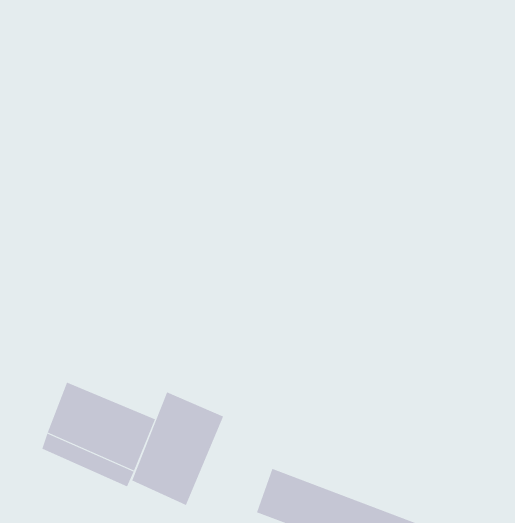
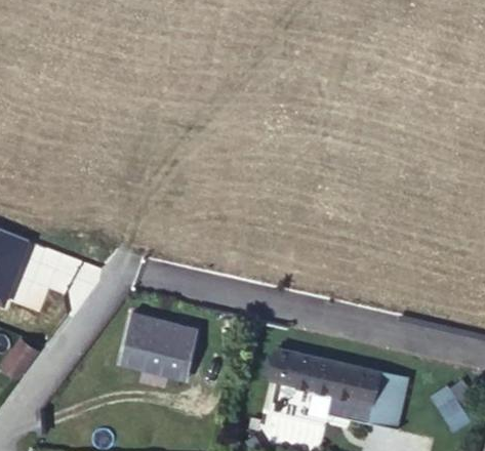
building: [131,392,224,506] -> none

